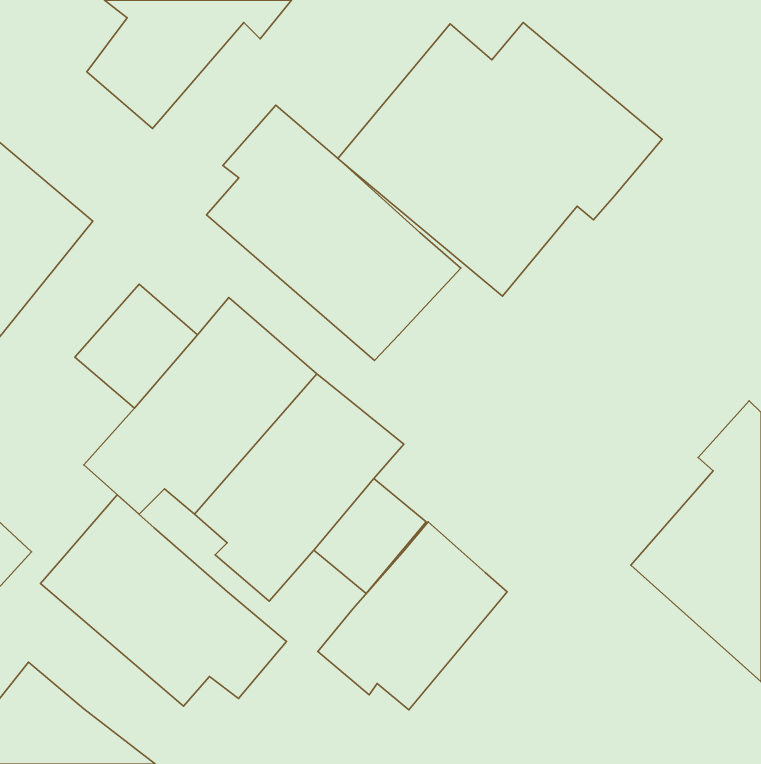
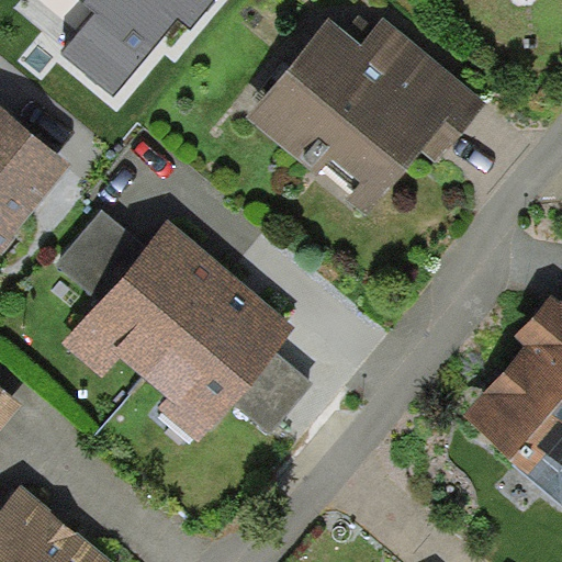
building: [206,105,461,361] -> none
building: [41,495,286,706] -> none
building: [318,522,507,710] -> none

